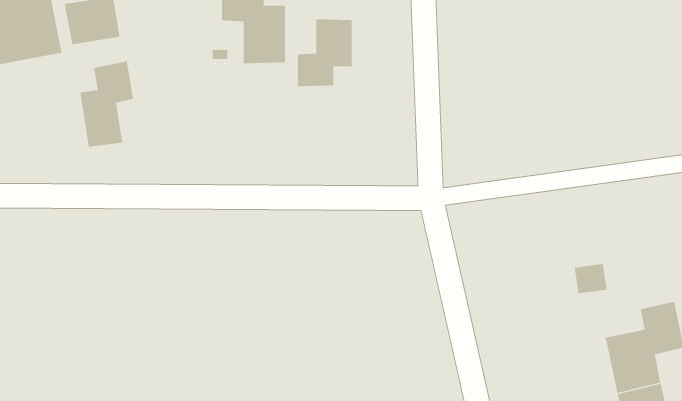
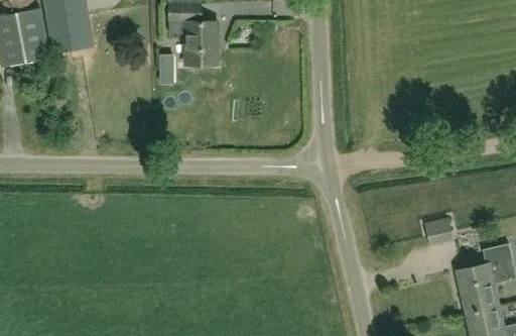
building: [297,18,353,87] -> none
building: [79,61,134,147] -> none

